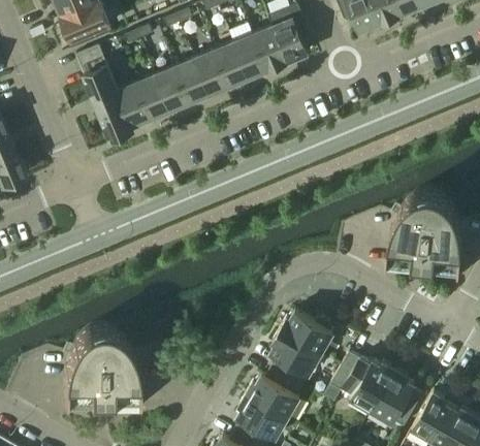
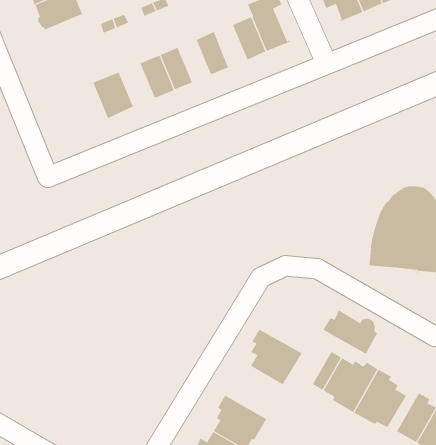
building: [235,36,268,77] -> none
building: [75,46,133,138] -> none
building: [200,51,233,92] -> none
building: [143,73,178,119] -> none
building: [279,311,332,354] -> [323,310,378,354]
building: [63,327,137,413] -> none
building: [246,367,302,418] -> none

